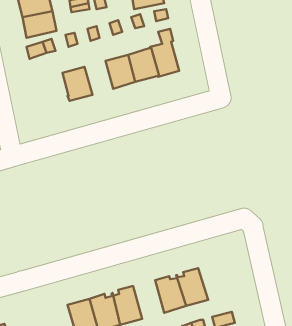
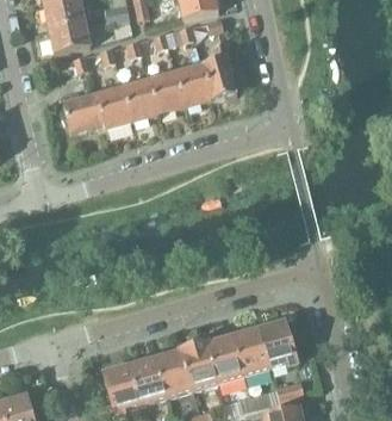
building: none -> [123,80,157,120]
building: none -> [63,94,104,131]
building: none -> [259,320,297,366]
building: none -> [180,340,218,389]

